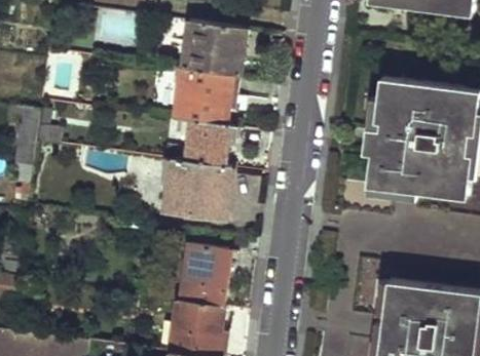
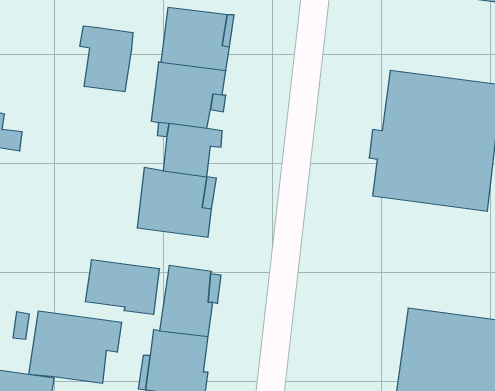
building: none -> [80,26,133,92]
building: none -> [85,260,159,315]
building: none -> [29,311,122,383]

